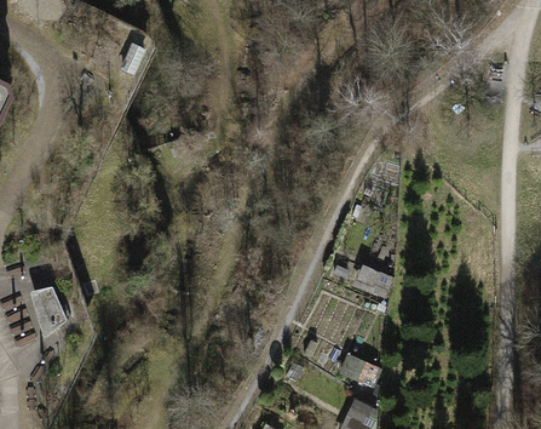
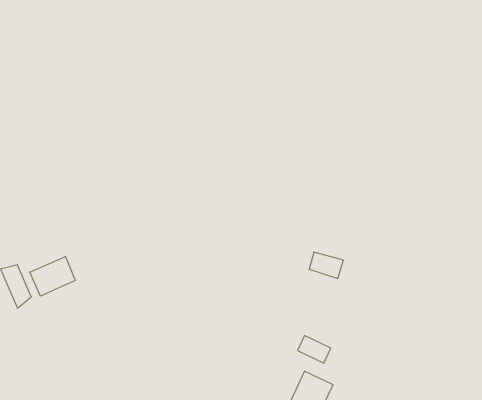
building: none -> [30,256,75,296]

